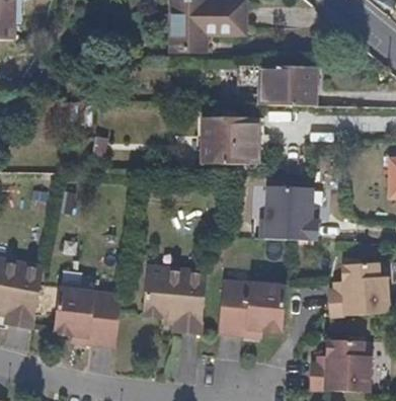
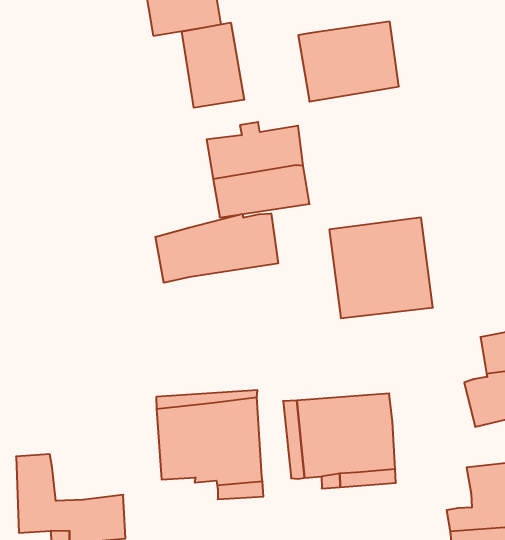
building: none -> [182,23,244,108]
building: none -> [155,213,278,283]
building: [73,289,117,320] -> none

